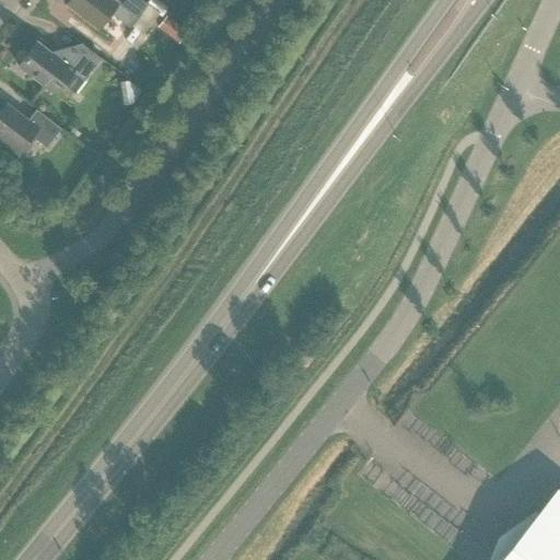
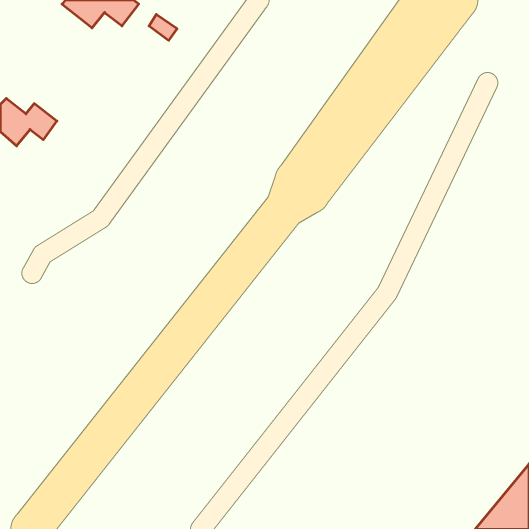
building: [18,42,100,94] -> none

